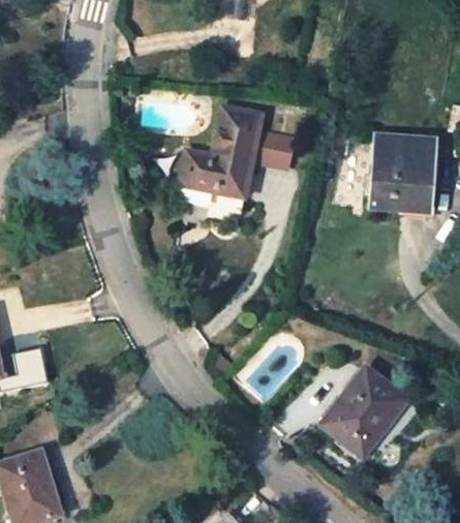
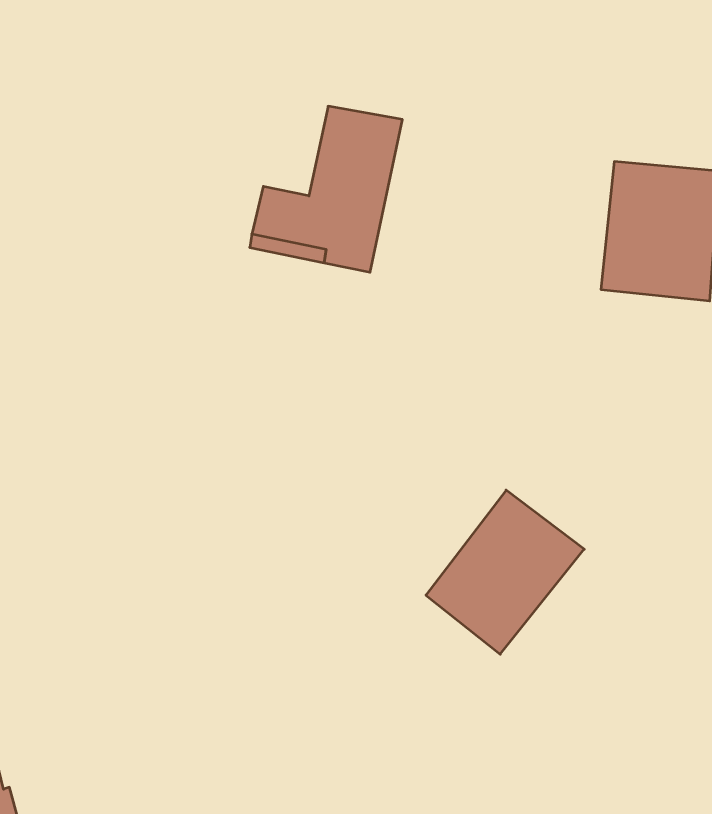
building: [268,129,298,166] -> none
building: [320,367,406,456] -> [426,490,584,654]

